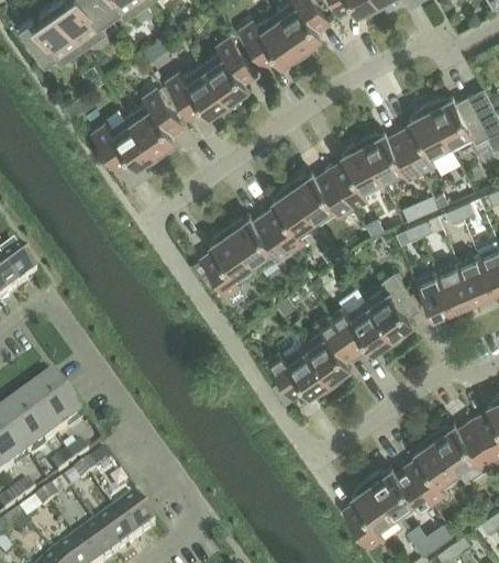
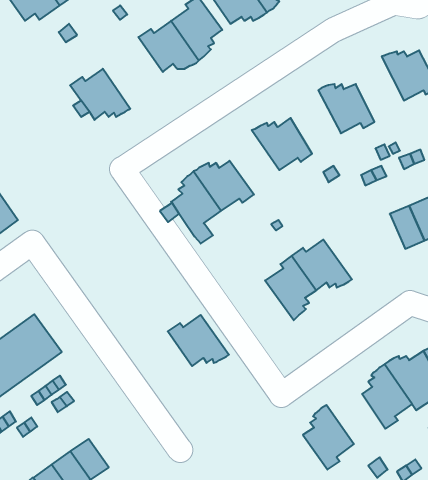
building: [129,87,184,157] -> none
building: [401,101,453,172] -> none
building: [331,137,385,206] -> none
building: [265,180,319,250] -> none
building: [417,271,454,317] -> none
building: [366,272,421,341] -> none
building: [268,342,334,397] -> [168,315,229,366]
building: [369,464,433,518] -> none
building: [113,497,156,543] -> none

